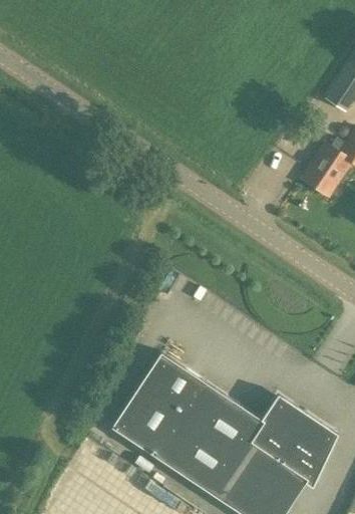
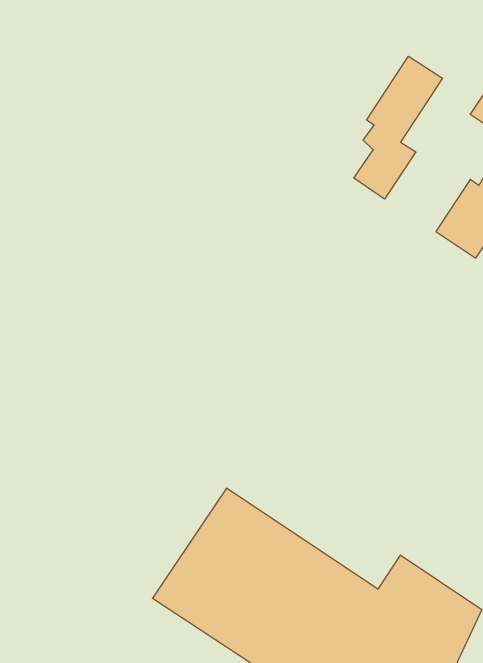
building: none -> [354,56,443,199]

